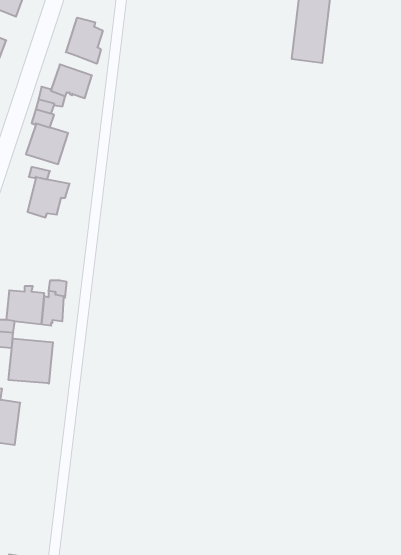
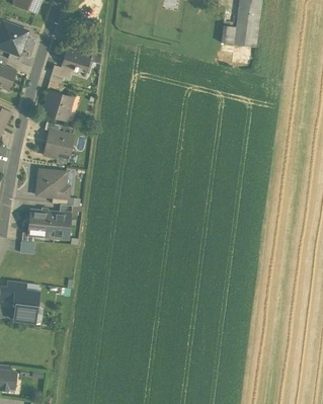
building: [66,18,103,64] -> none
building: none -> [36,169,69,197]
building: [9,339,53,384] -> none

